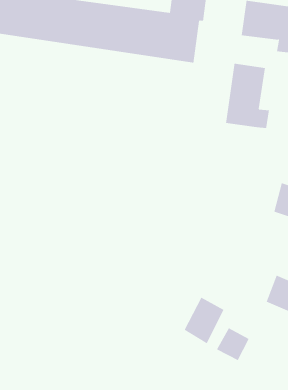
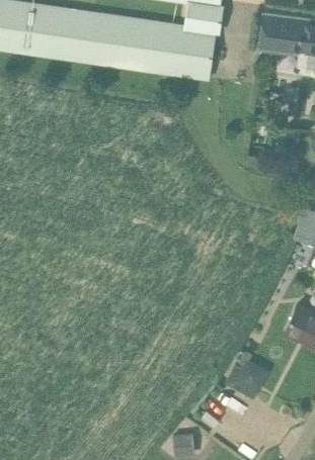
building: [226,63,270,129] -> none
building: [184,297,224,344] -> none

